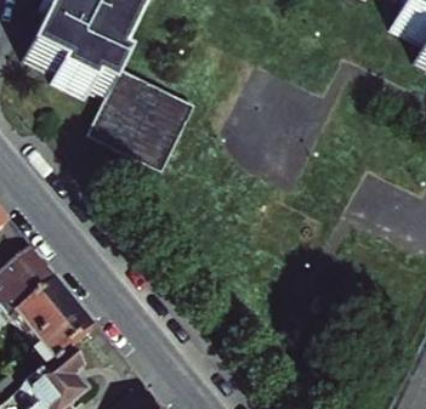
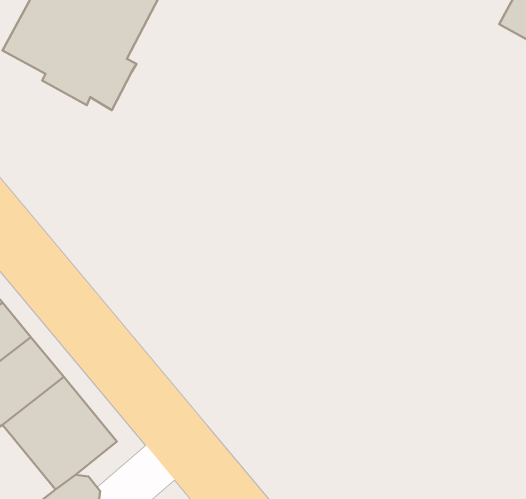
building: [79,66,188,172] -> none

